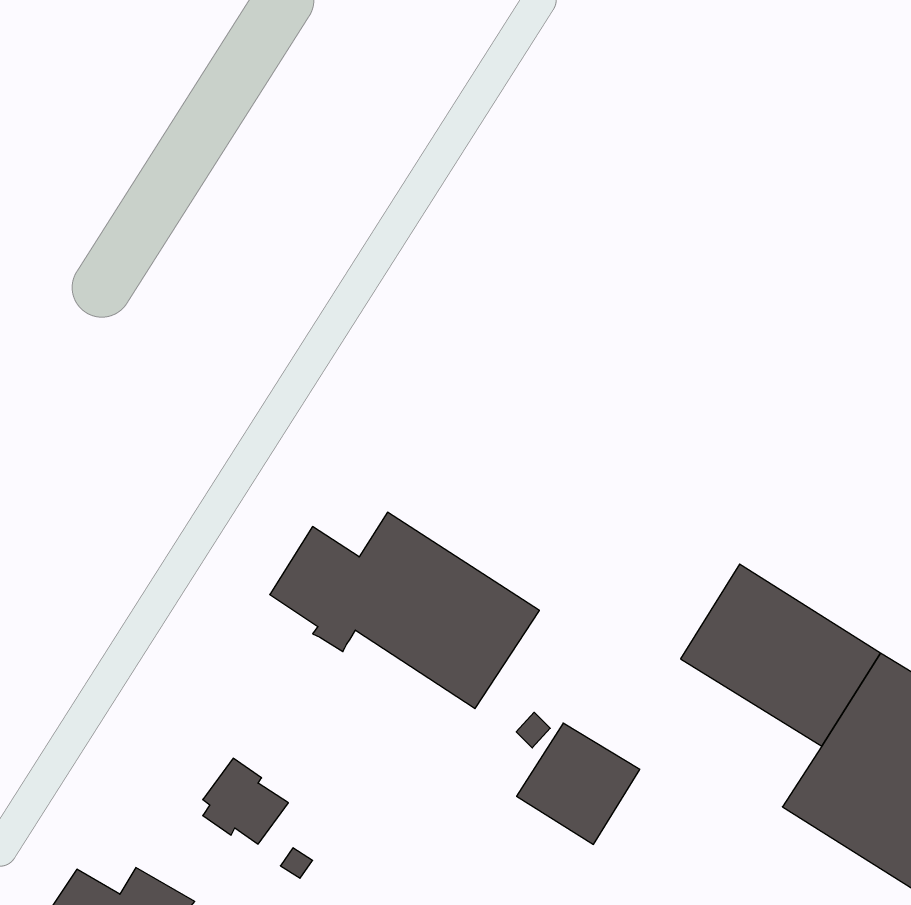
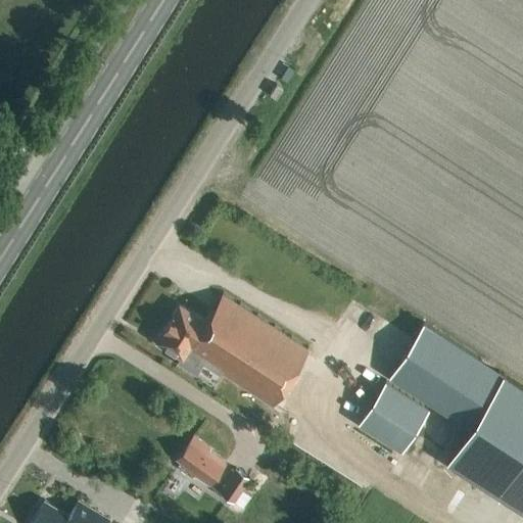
building: [517,723,640,844] -> [360,384,430,454]
building: [203,758,288,844] -> [177,439,226,488]
building: none -> [220,472,251,506]

